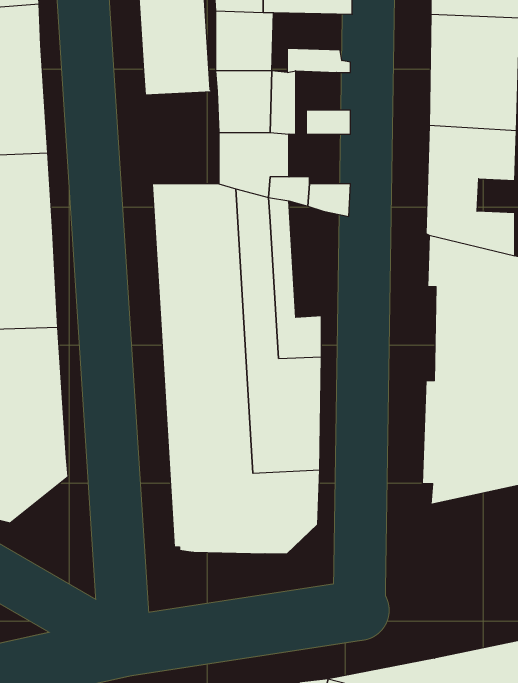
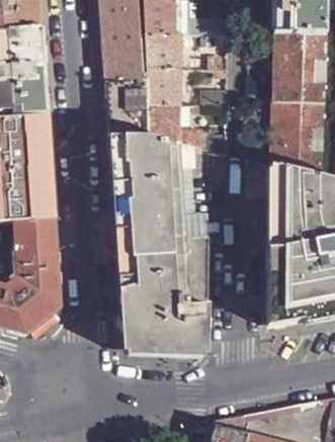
building: none -> [104,78,148,134]

